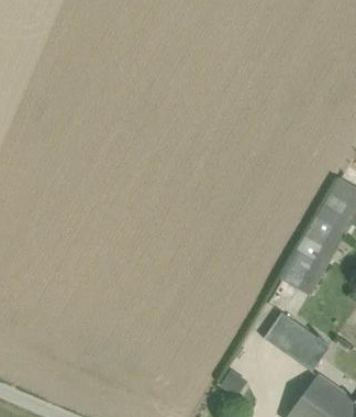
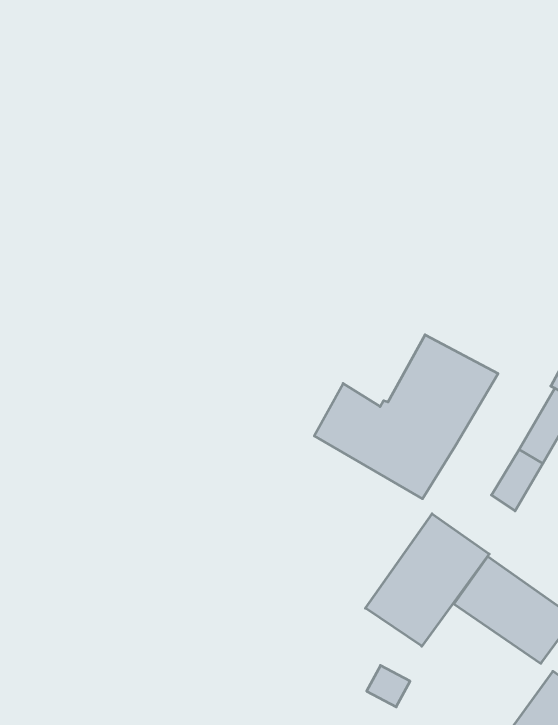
building: none -> [314,335,498,499]
building: none -> [365,514,489,646]

